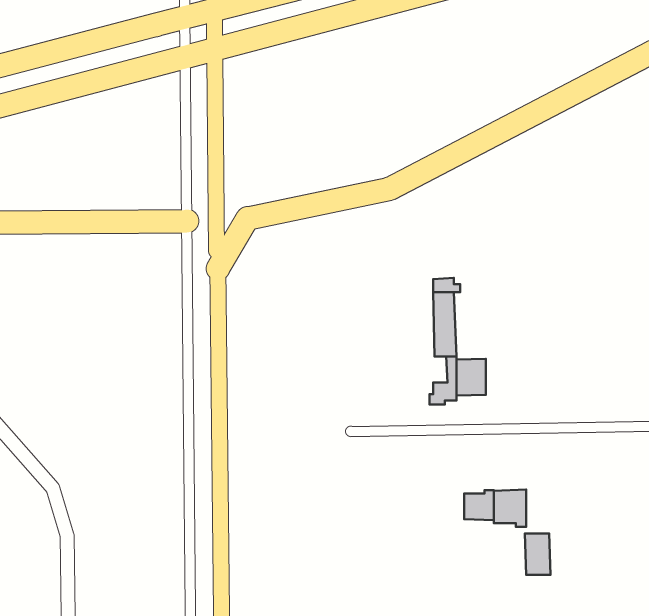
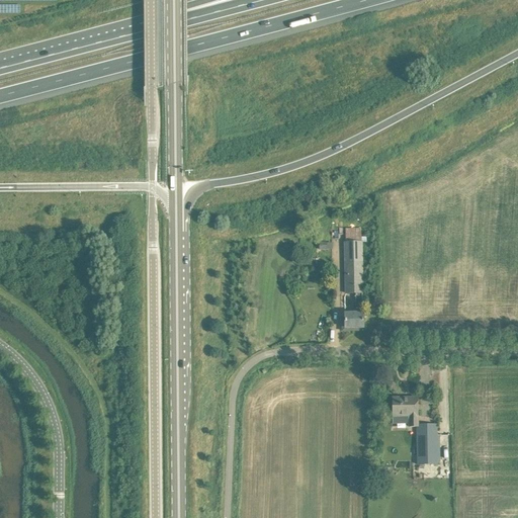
building: [456,359,486,396] -> none
building: [464,490,494,520] -> none

